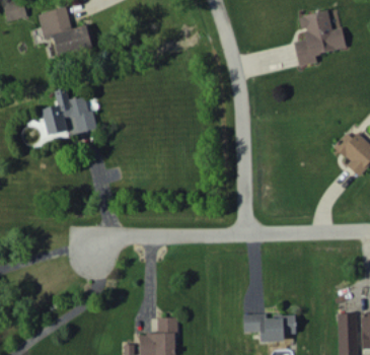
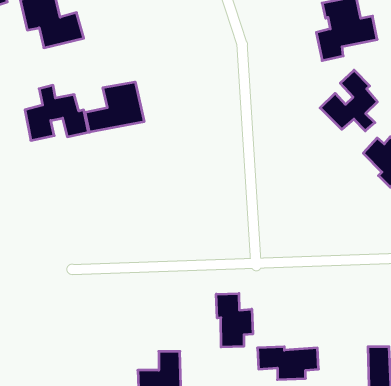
building: none -> [320,70,377,131]
building: none -> [85,82,144,132]
building: none -> [216,293,253,347]

